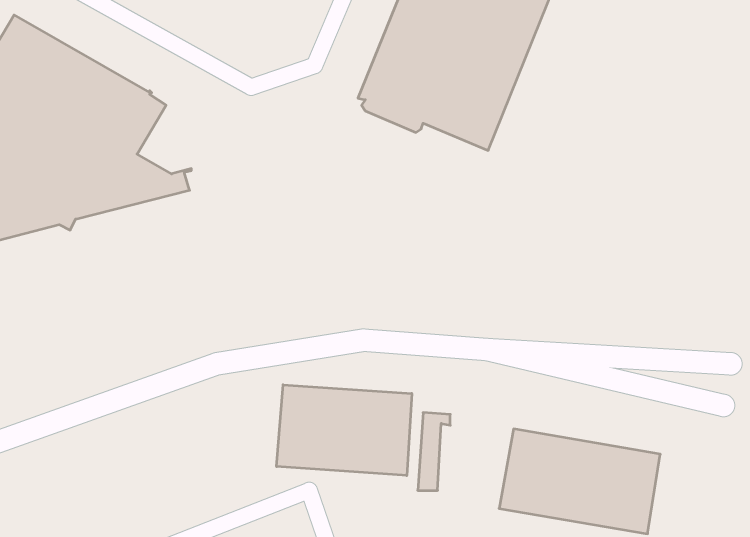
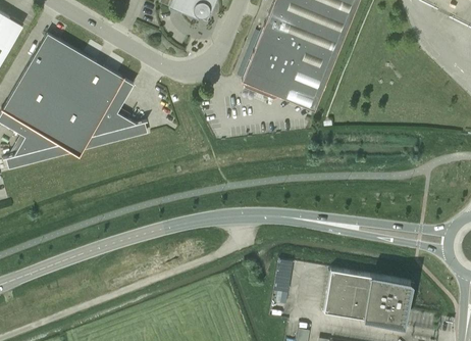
building: [277,385,412,476] -> none

